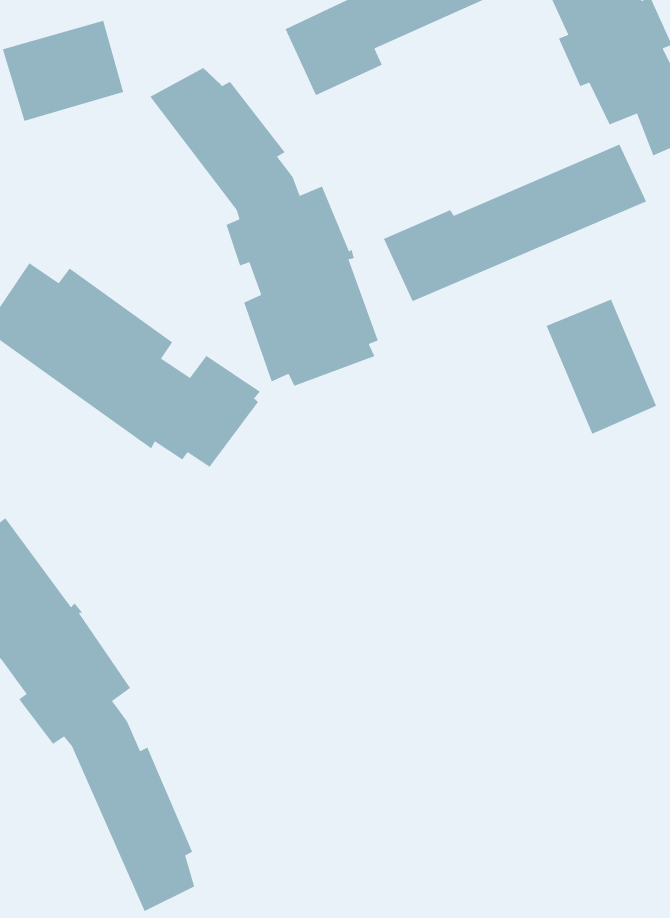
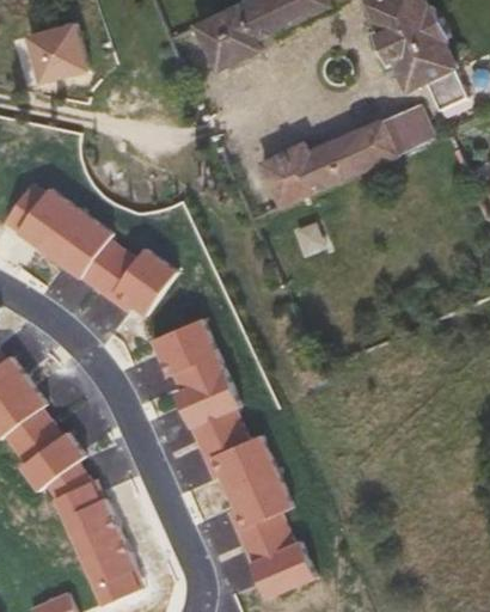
building: [149,67,379,387] -> none
building: [545,298,657,435] -> none
building: none -> [149,314,320,605]

